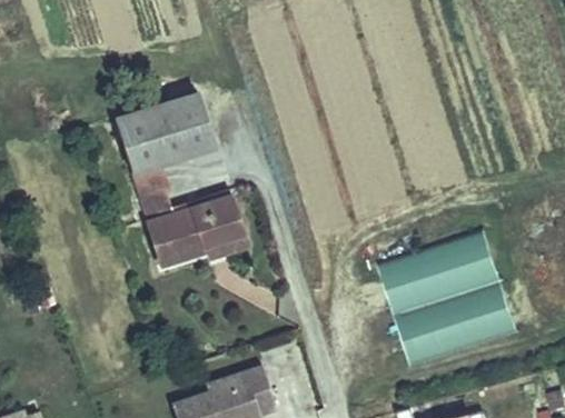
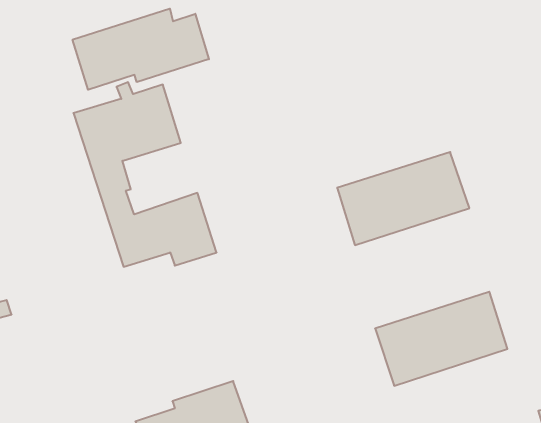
building: none -> [73,9,209,90]
building: [378,231,502,318] -> [337,152,469,245]

